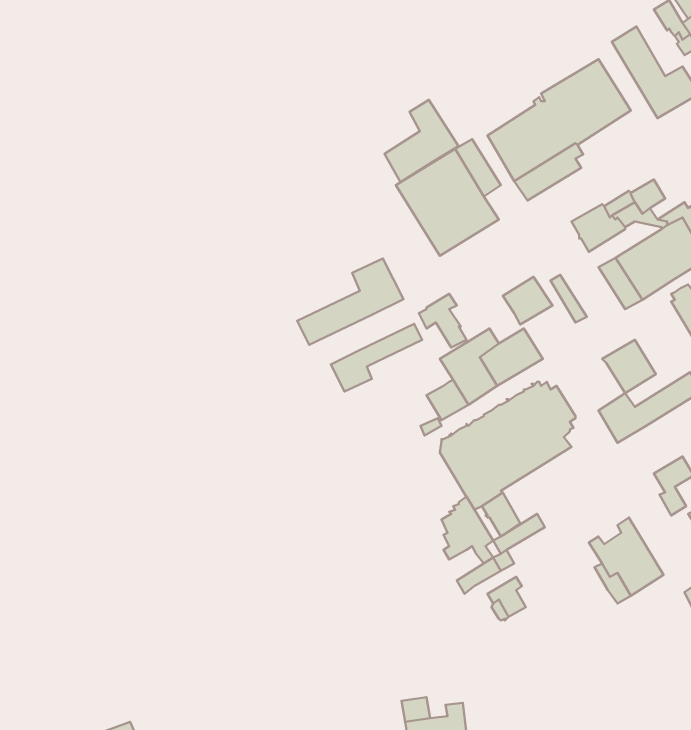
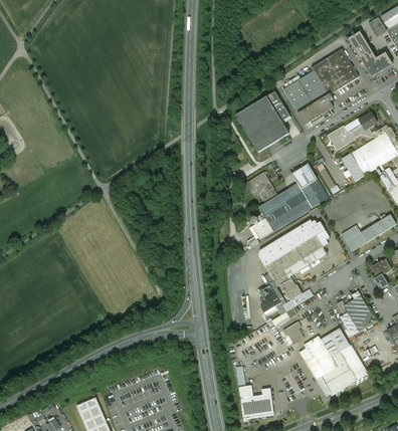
building: [384,100,458,182] -> none
building: [297,259,404,345] -> none
building: [331,324,422,392] -> none
building: [602,340,656,393] -> [301,179,329,207]
building: none -> [300,330,367,396]

